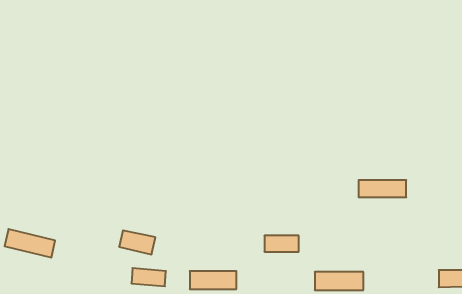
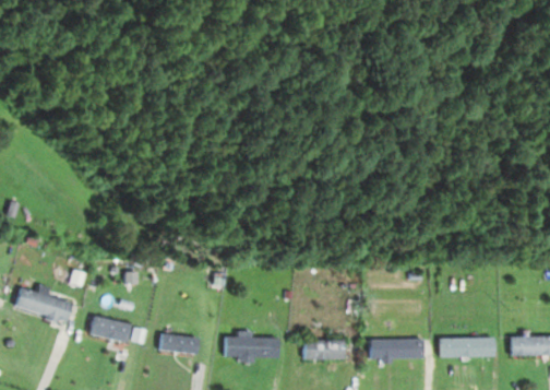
building: [359,180,406,197] -> [440,338,494,357]
building: [119,230,155,254] -> [89,317,131,344]
building: [264,236,299,252] -> [304,341,344,359]

